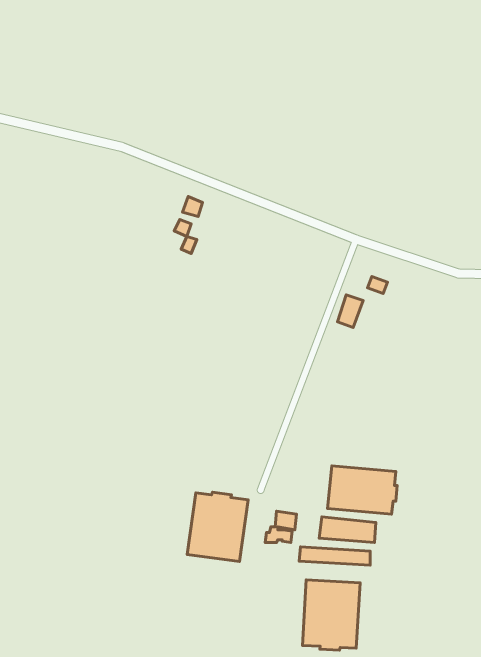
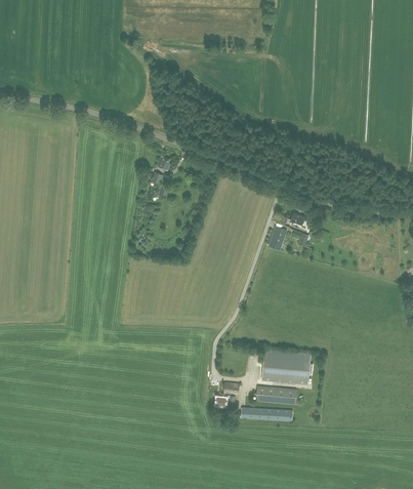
building: [187,492,248,561] -> none
building: [302,580,360,650] -> none

